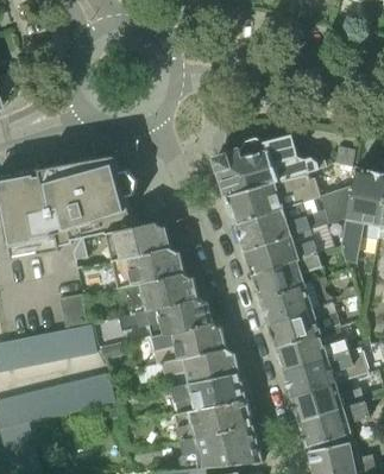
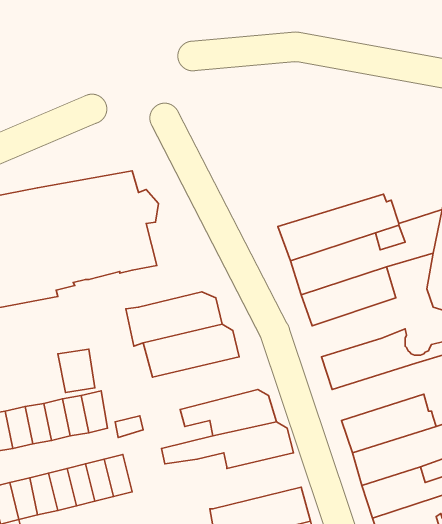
building: [215,135,327,198] -> none
building: [115,222,169,260] -> none
building: [253,253,322,298] -> none
building: [119,298,212,339] -> none
building: [269,303,340,347] -> none
building: [160,372,245,415] -> none

